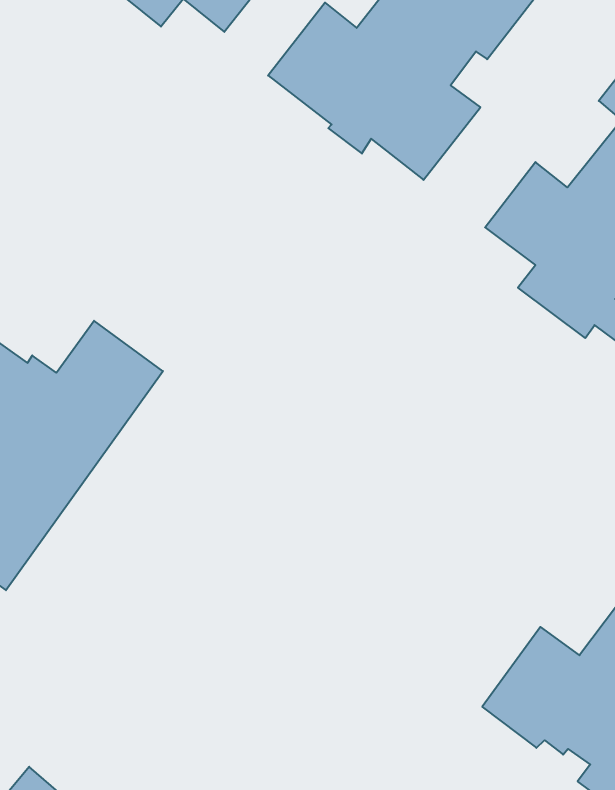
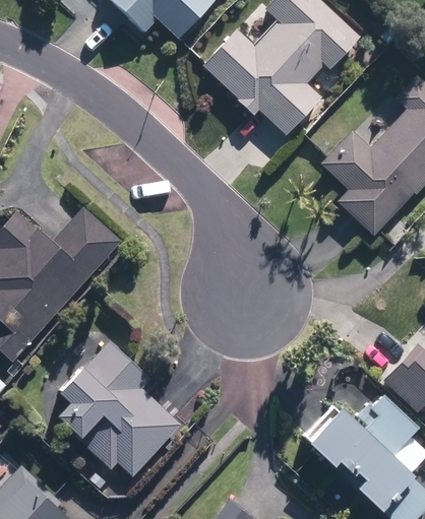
building: none -> [59,332,184,473]

